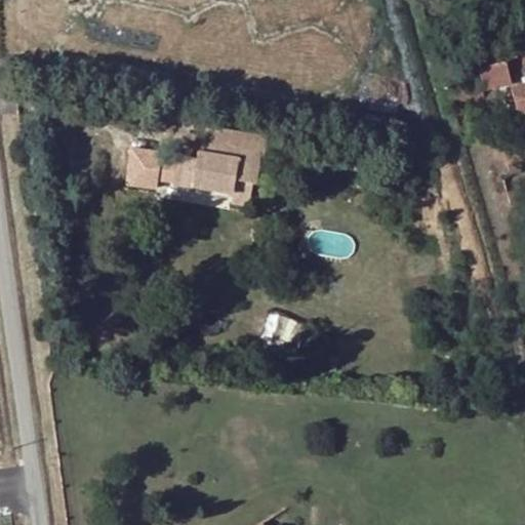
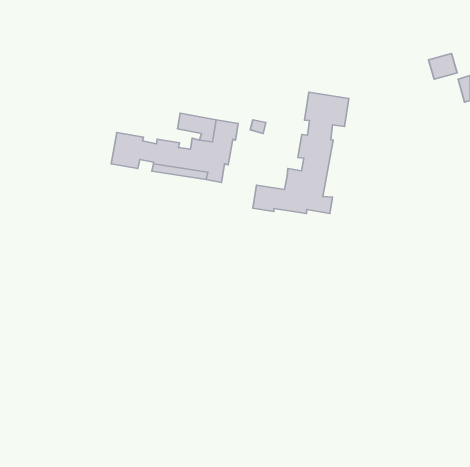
building: none -> [253,92,349,214]

